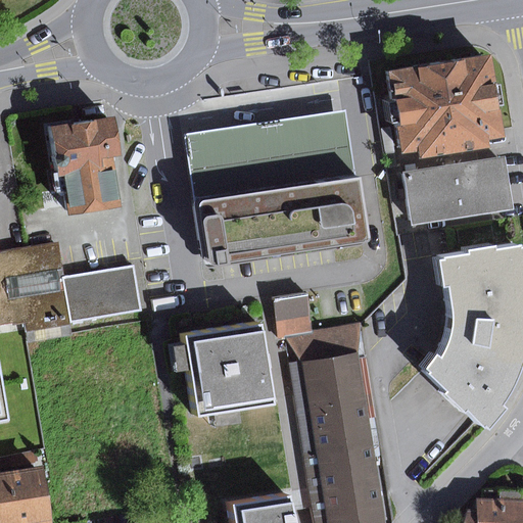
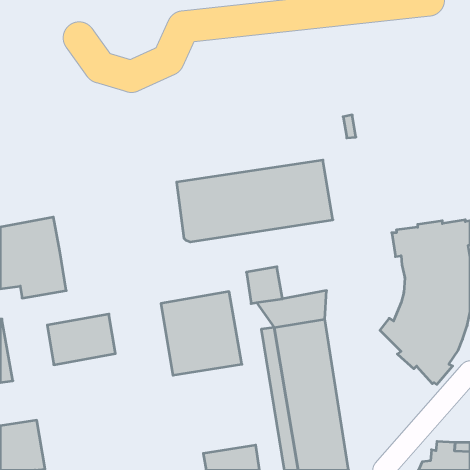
building: [385,54,501,157] -> none
building: [186,109,359,202] -> none
building: [50,120,118,215] -> none
building: [406,157,515,227] -> none
building: [66,267,142,323] -> [47,314,115,365]

